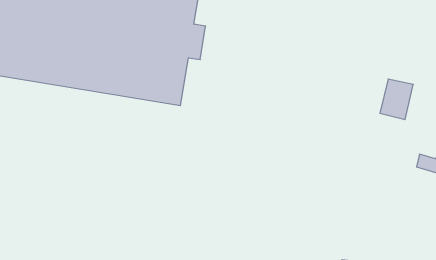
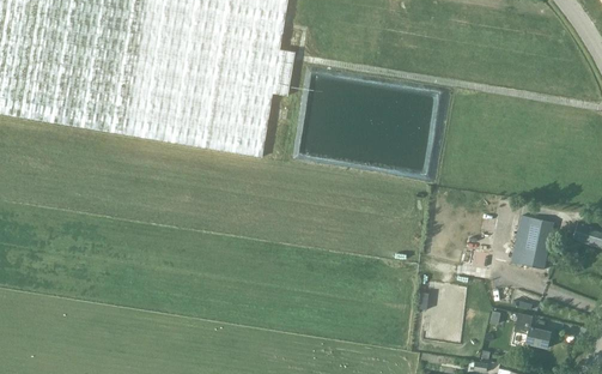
building: [380,79,413,120] -> [510,216,554,270]
building: none -> [515,312,552,346]

